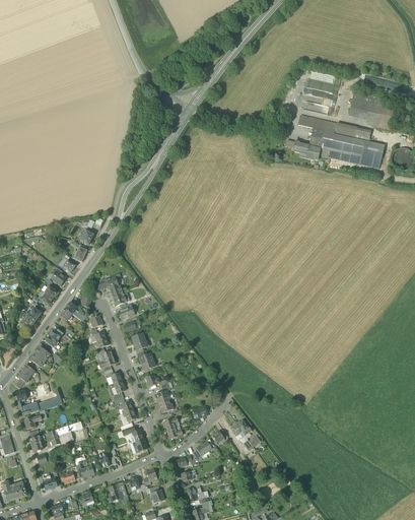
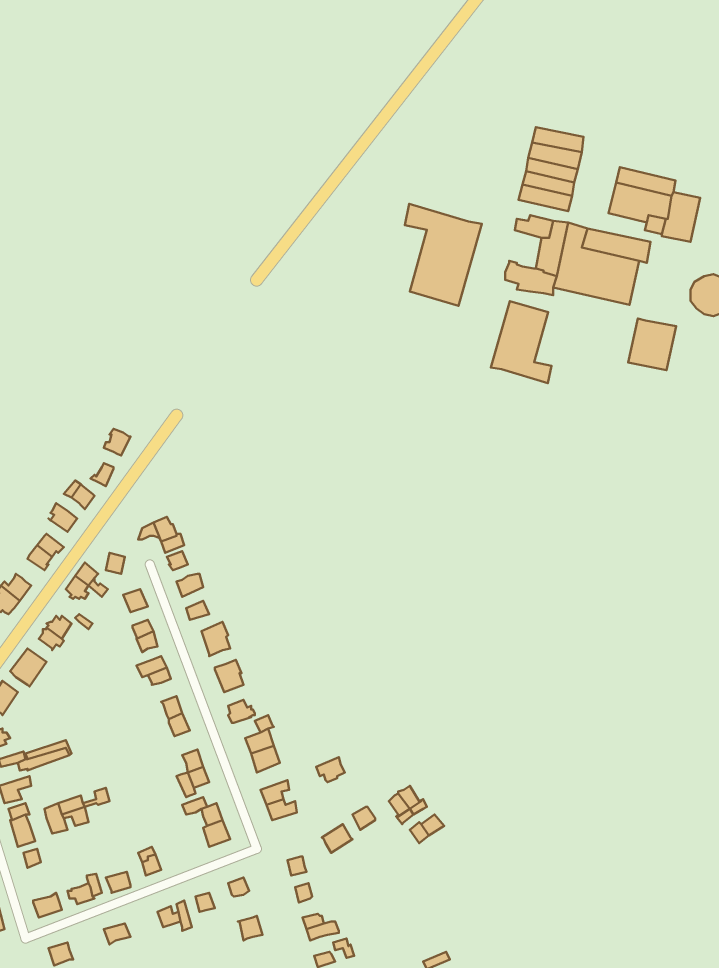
building: none -> [405,204,482,306]
building: [358,140,384,168] -> [628,319,676,370]
building: none -> [491,301,551,383]

